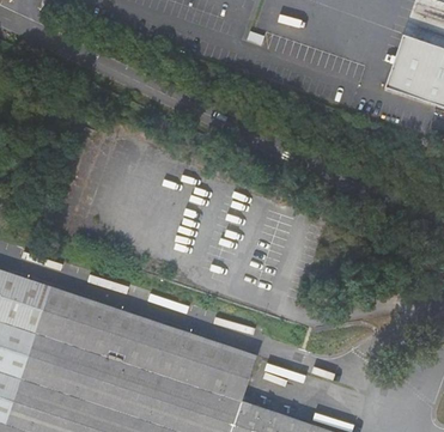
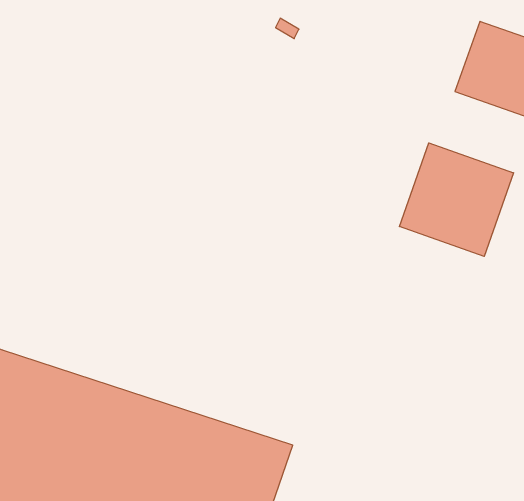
building: none -> [399,143,514,256]

